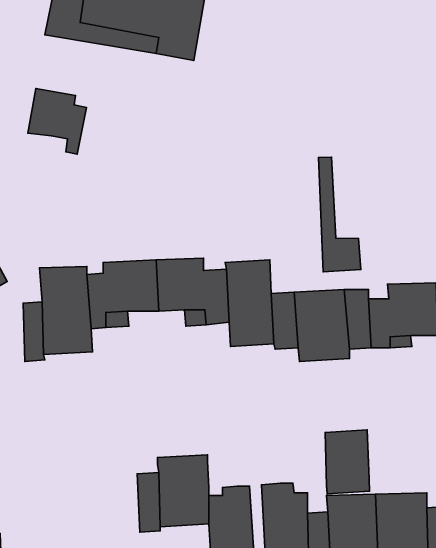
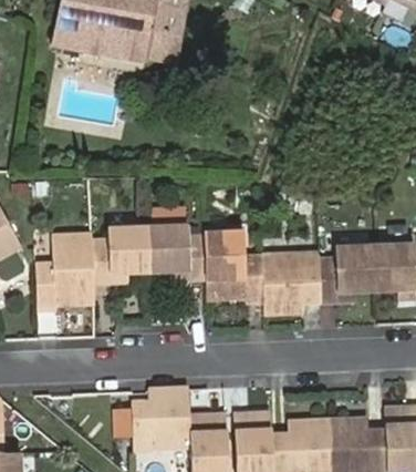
building: [28,89,86,154] -> none
building: [319,157,361,272] -> none
building: [325,430,369,494] -> none

